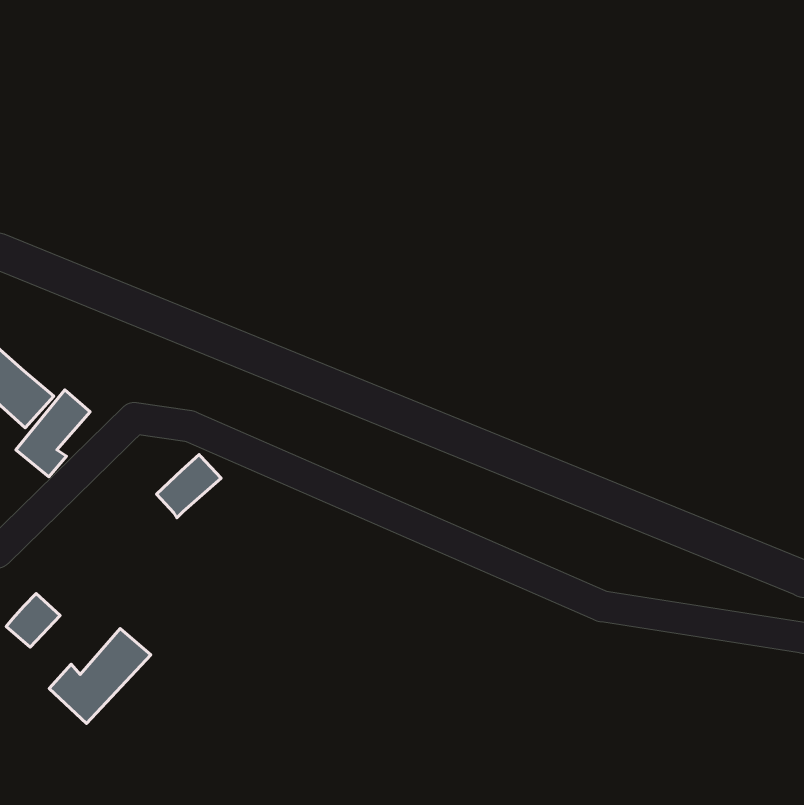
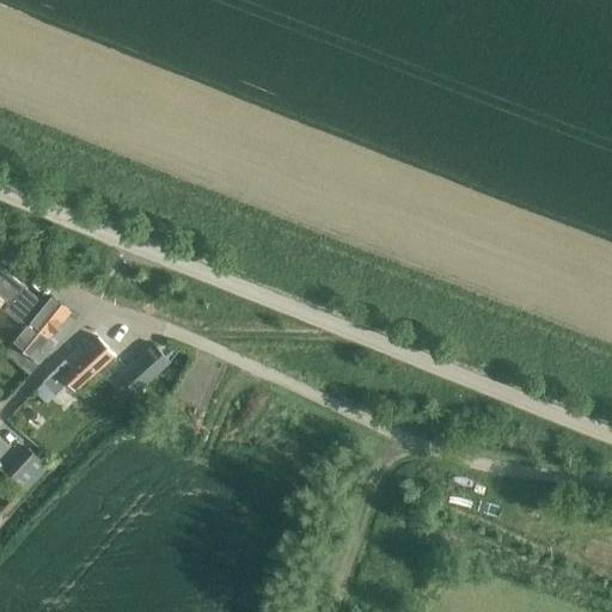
building: none -> [39,338,114,396]
building: [49,628,151,724] -> none

